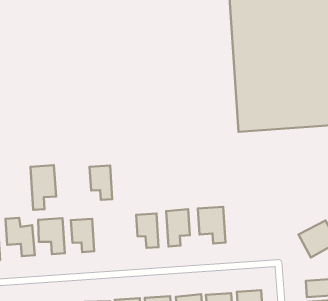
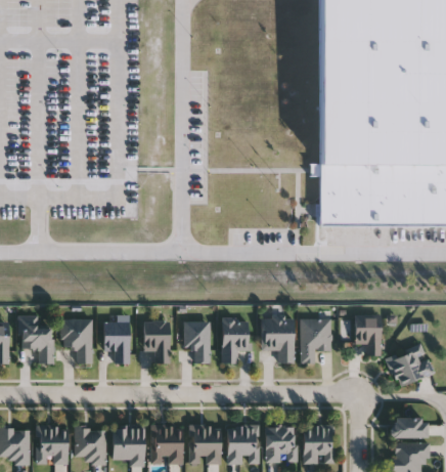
building: [30,165,56,210] -> none
building: [90,166,112,200] -> [143,320,169,362]
building: none -> [354,316,381,355]
building: none -> [301,318,331,362]

